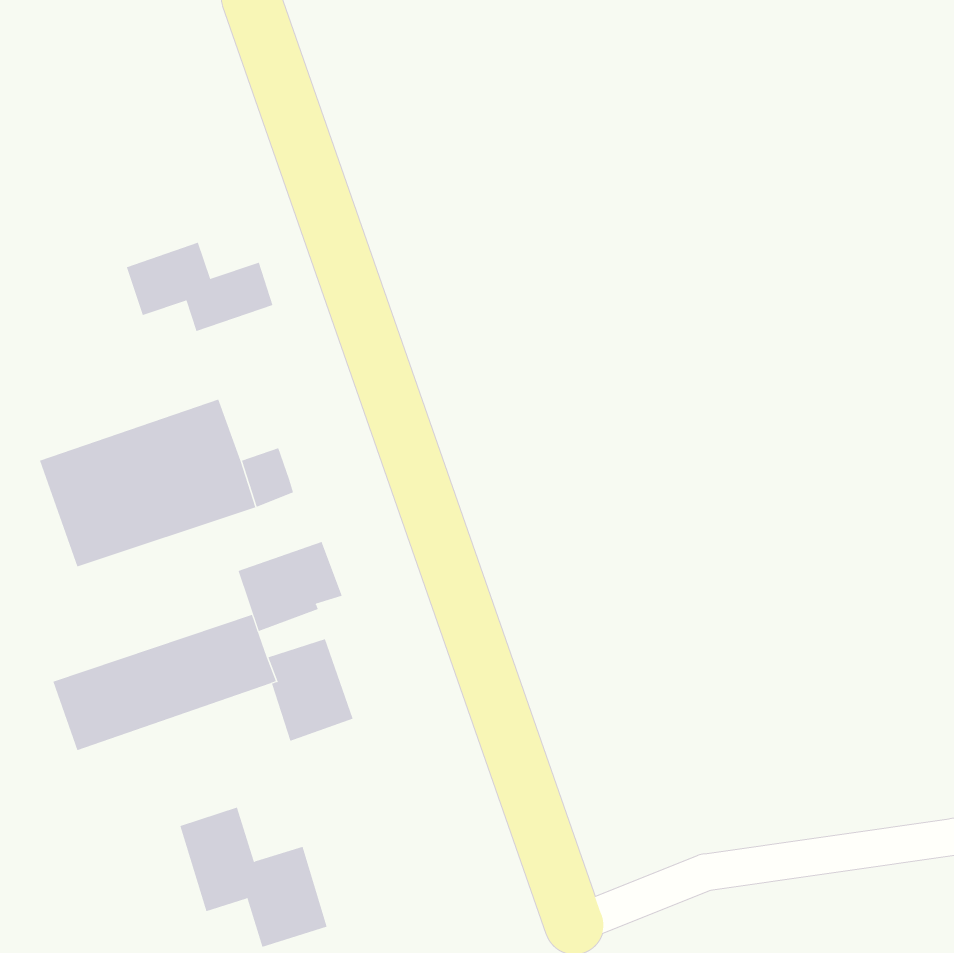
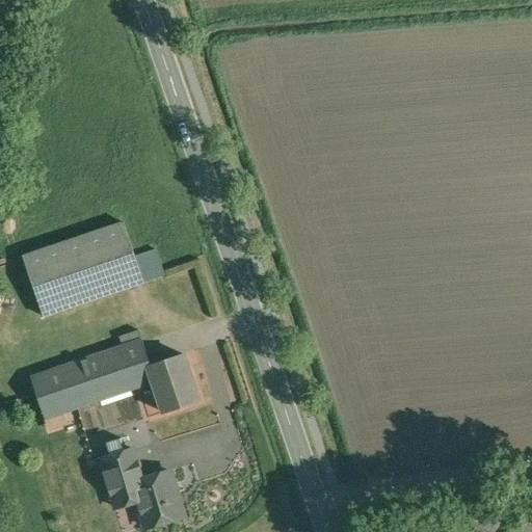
building: [126,242,273,332] -> none
building: [238,541,342,632] -> none

